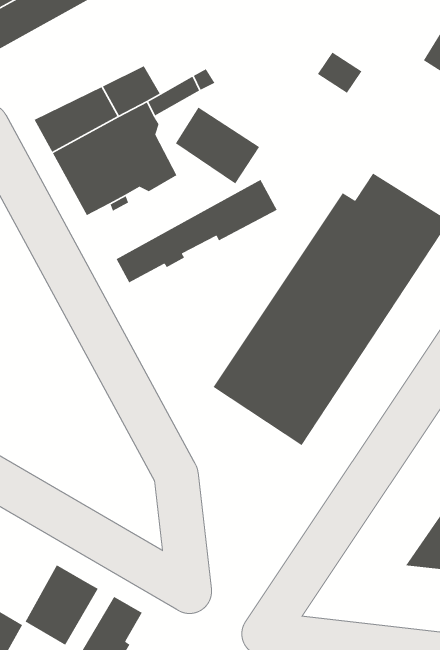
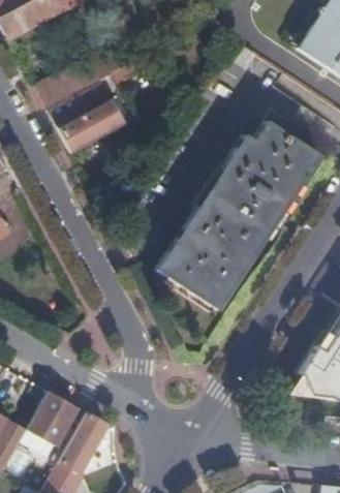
building: [175,106,260,184] -> none
building: [115,179,278,284] -> none

